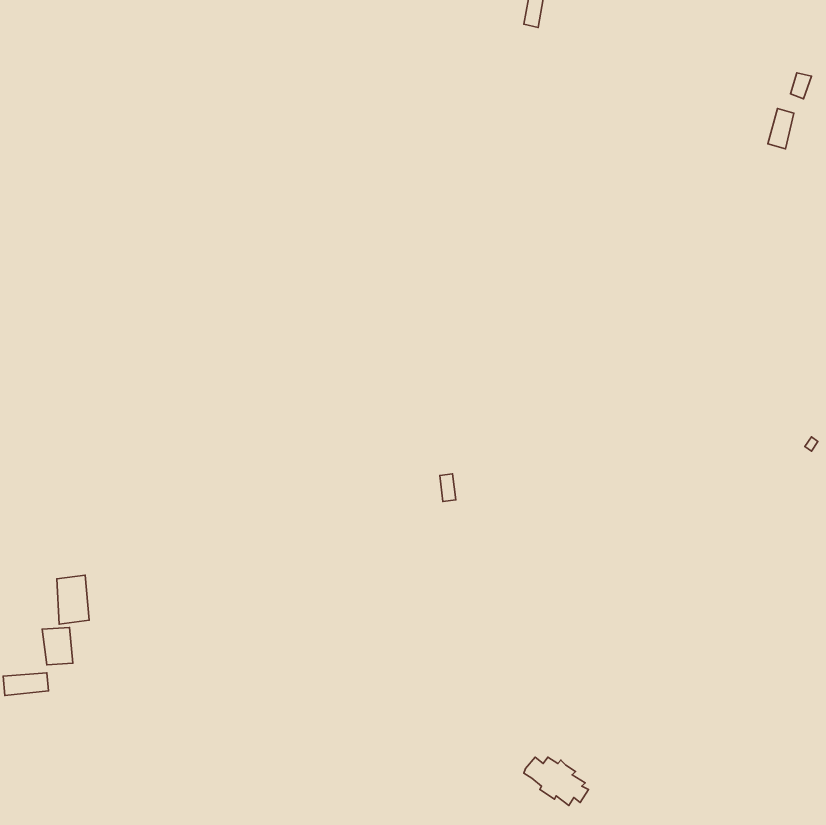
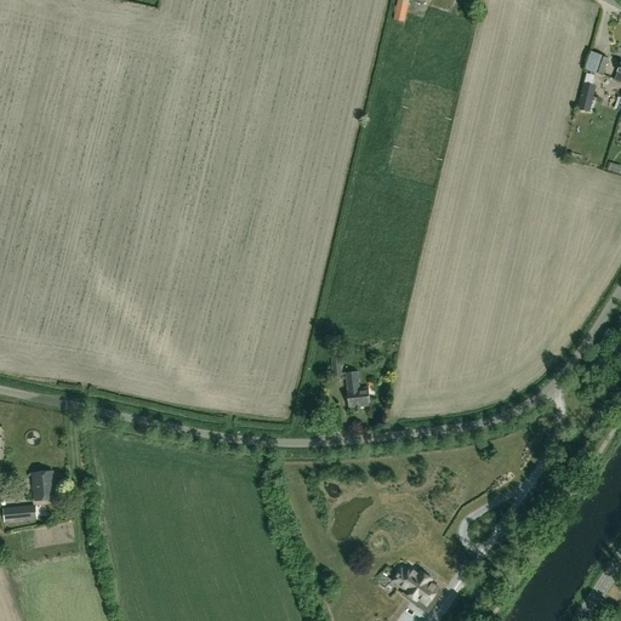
building: none -> [346,370,369,406]
building: [57,575,89,624] -> none

